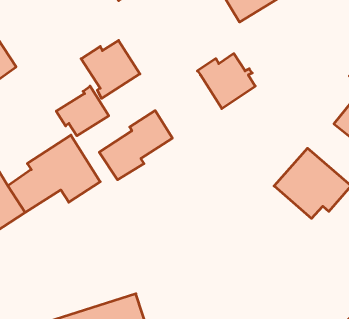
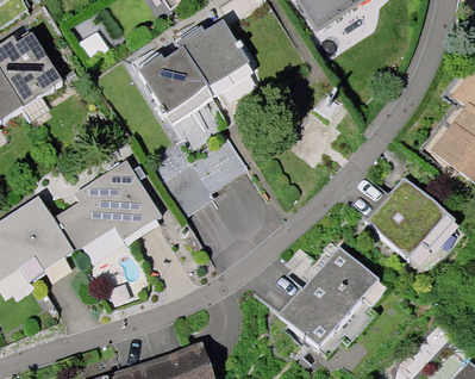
building: [197,54,255,109] -> [179,26,246,91]
building: [56,86,109,136] -> none
building: none -> [279,247,387,358]

